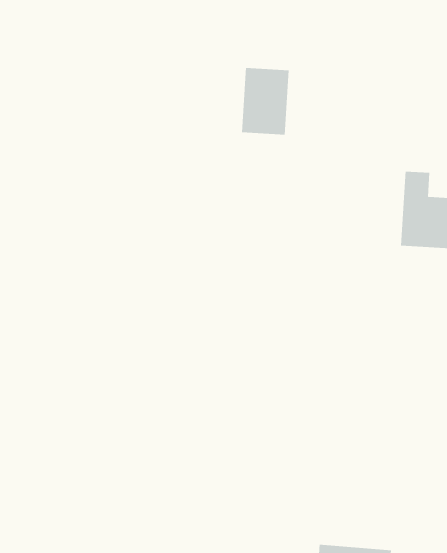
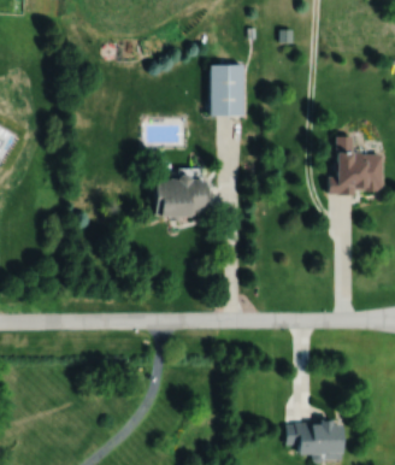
building: none -> [157,176,210,216]

